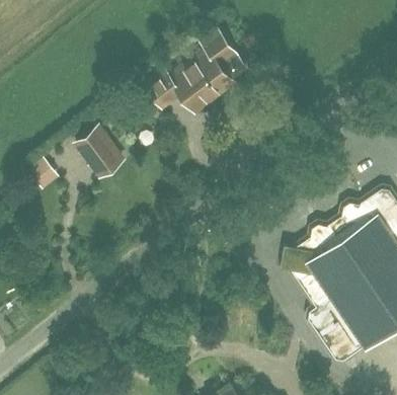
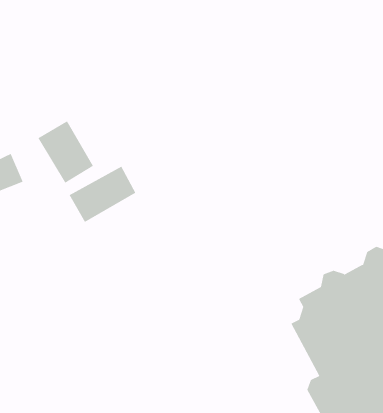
building: [145,34,248,114] -> none
building: none -> [69,166,136,223]

